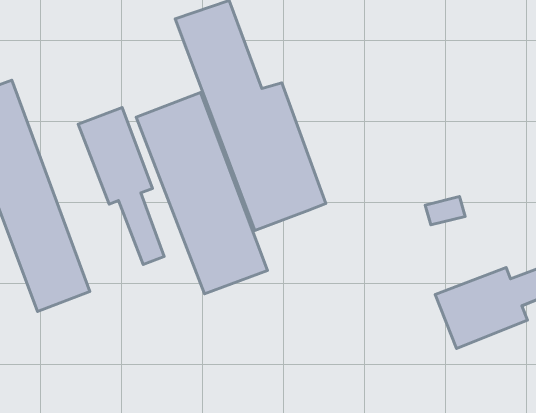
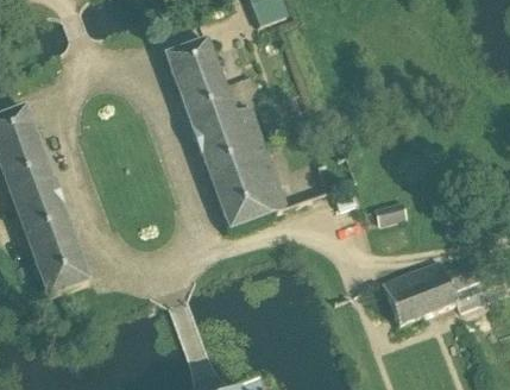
building: [136,93,267,294] -> none
building: [78,108,164,264] -> none

